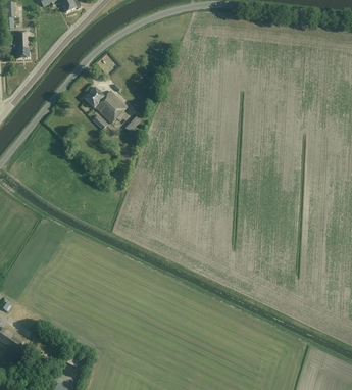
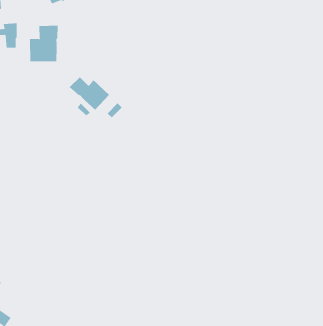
building: none -> [30,25,58,62]

